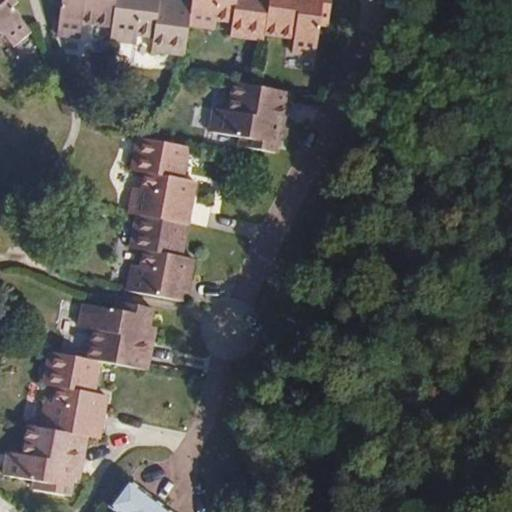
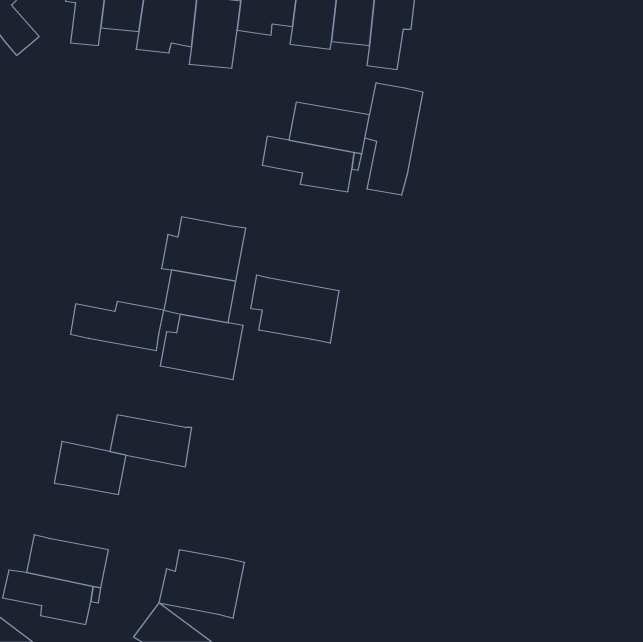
building: none -> [365,83,423,195]
building: [130,136,188,179] -> none
building: none -> [251,275,339,343]
building: [79,300,153,339] -> [71,301,164,351]
building: [39,385,107,439] -> [159,550,245,618]

